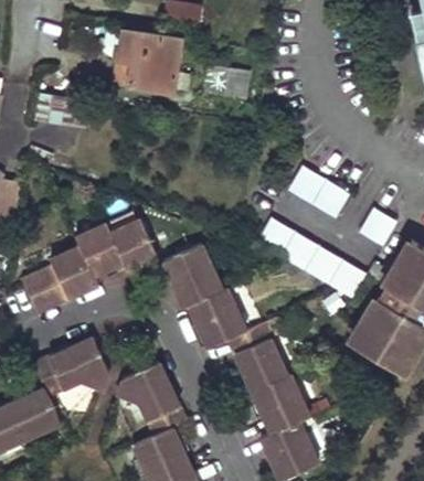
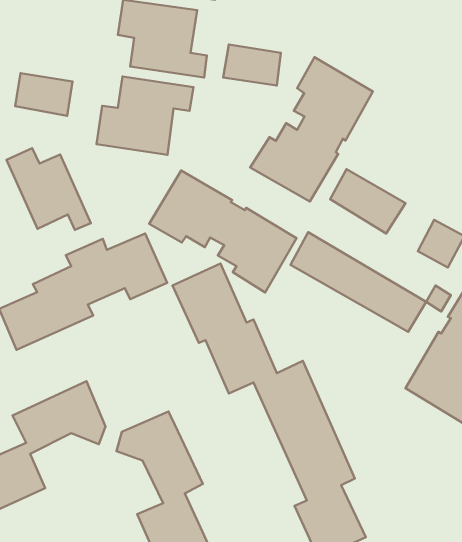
building: none -> [250,57,373,201]
building: none -> [96,77,193,155]
building: none -> [7,148,91,230]
building: none -> [149,171,297,292]

